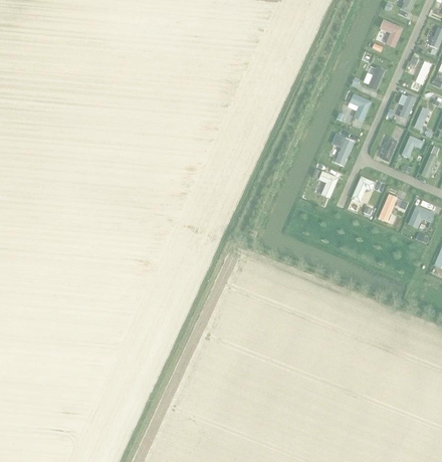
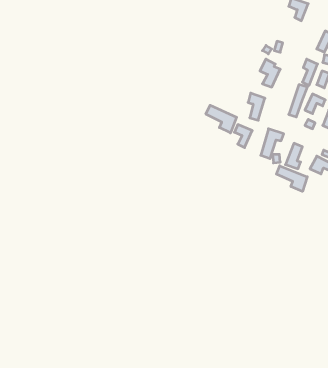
building: none -> [206,105,237,133]
building: none -> [276,166,307,191]

